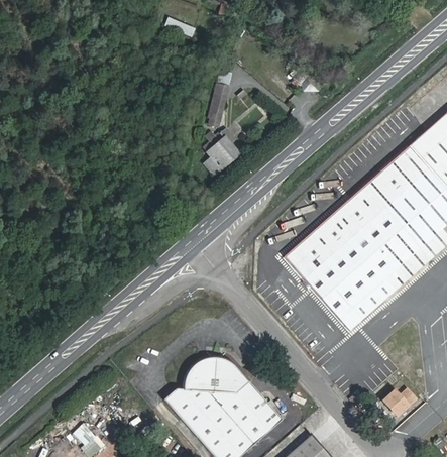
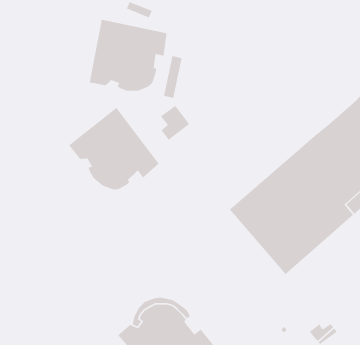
building: none -> [89,19,167,91]
building: none -> [68,107,159,190]

